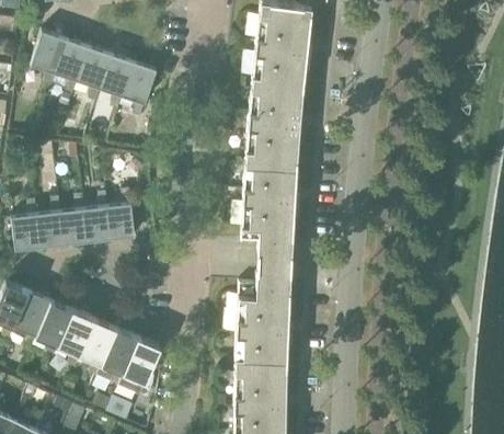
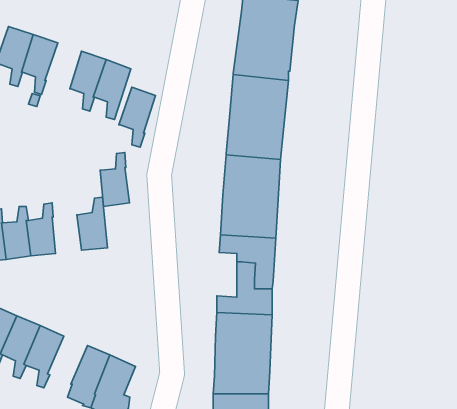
building: [78,47,112,103] -> [119,87,155,147]
building: [84,193,112,243] -> [100,152,129,206]
building: [80,320,117,378] -> none

